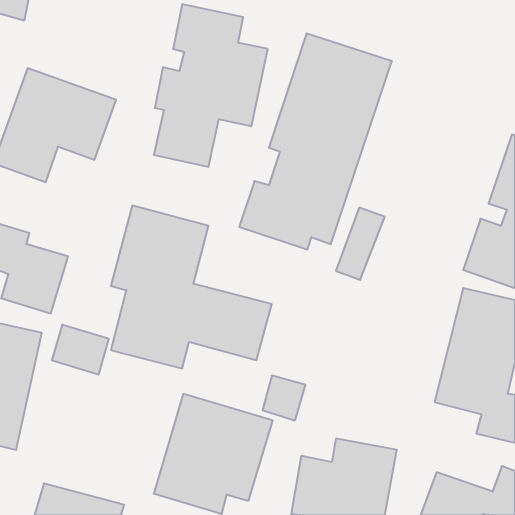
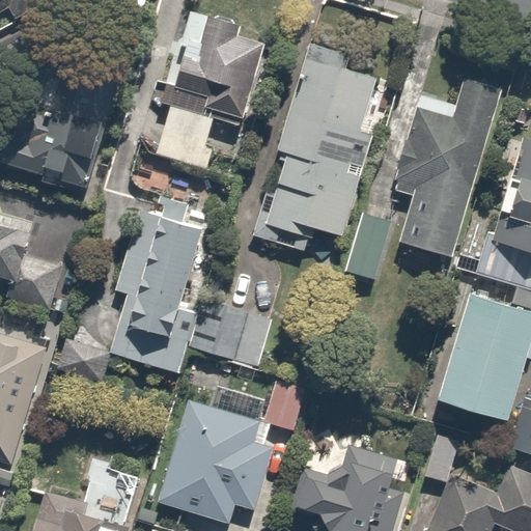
building: none -> [381,82,503,263]

